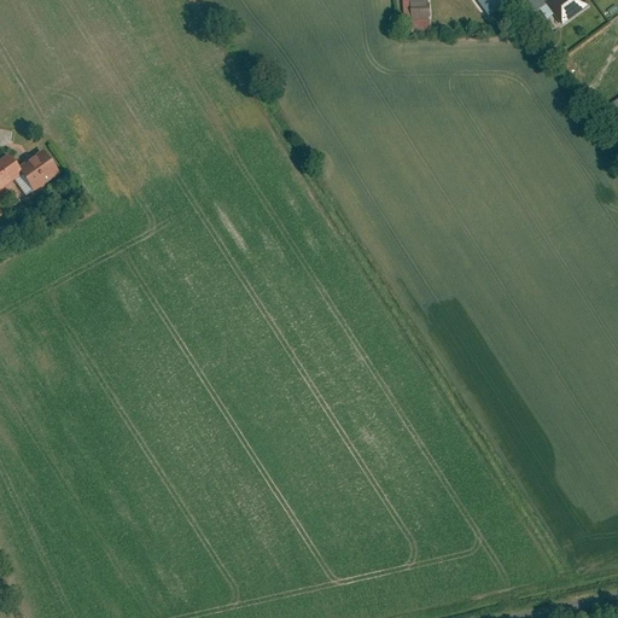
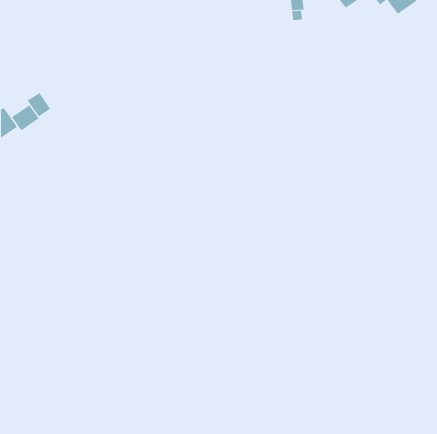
building: none -> [27,92,51,117]

